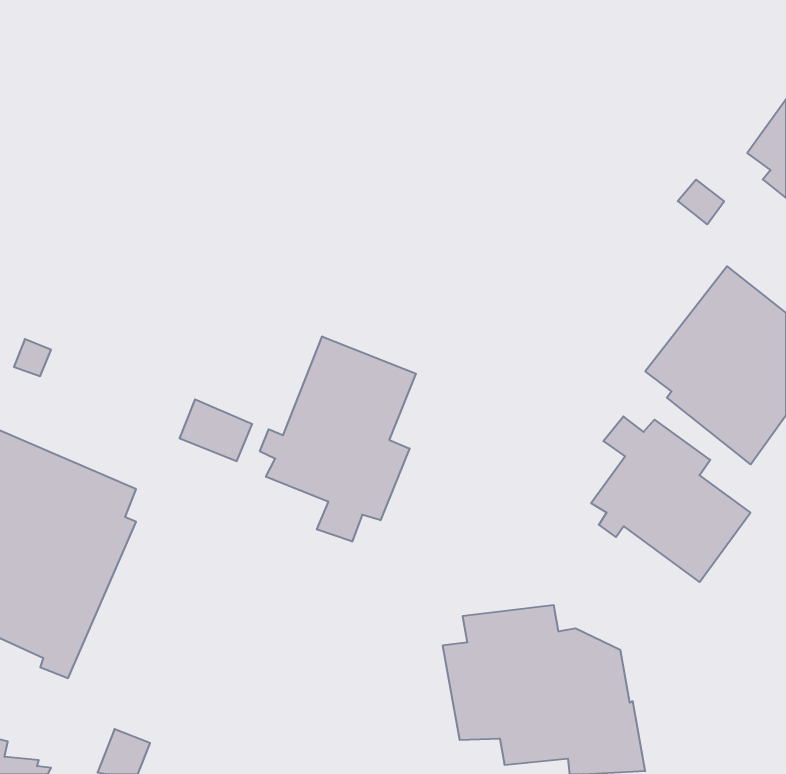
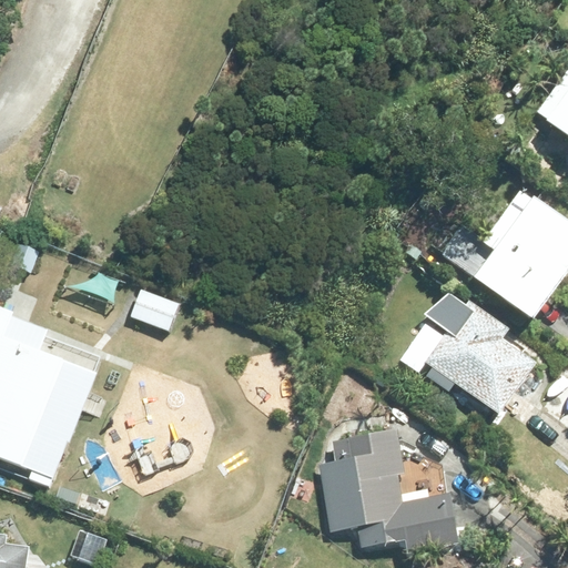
building: [260,336,416,542] -> none

